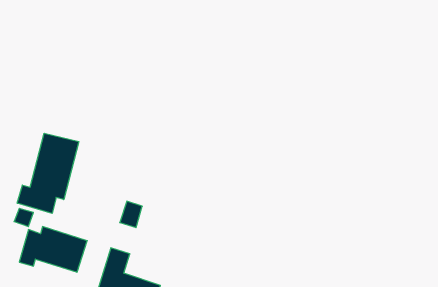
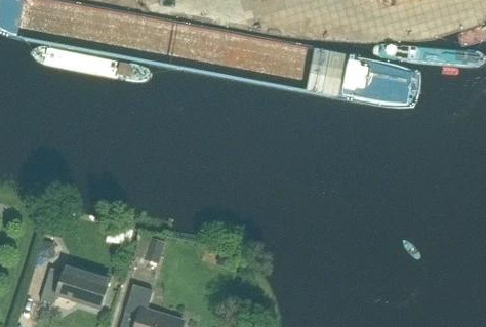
building: [17,133,79,213] -> none

